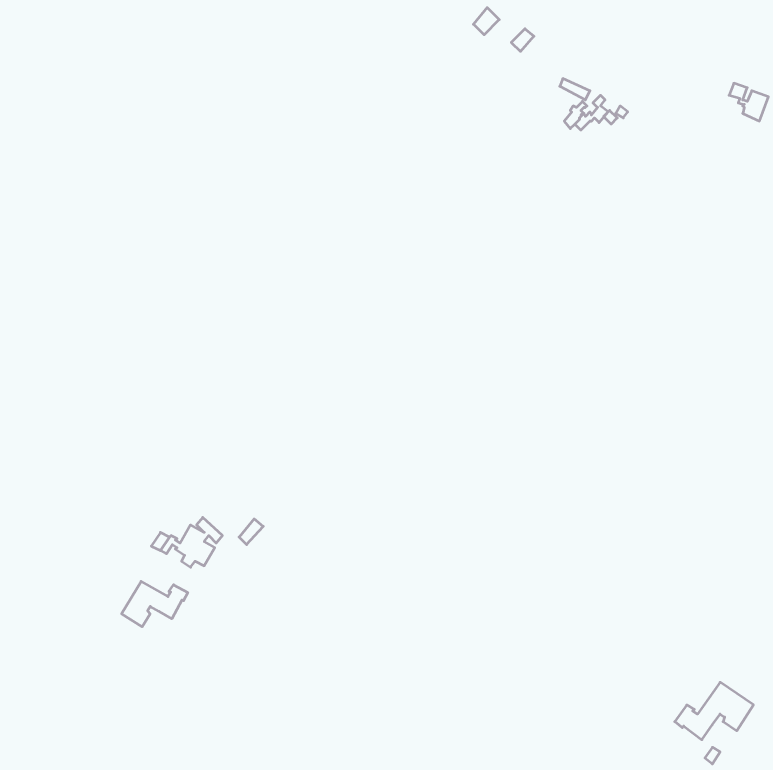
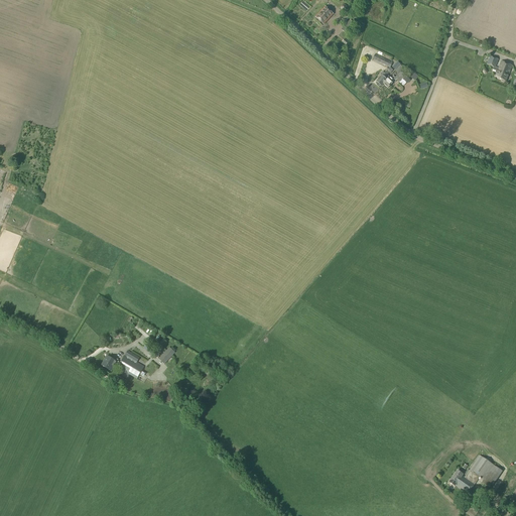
building: [122,581,188,627] -> none

